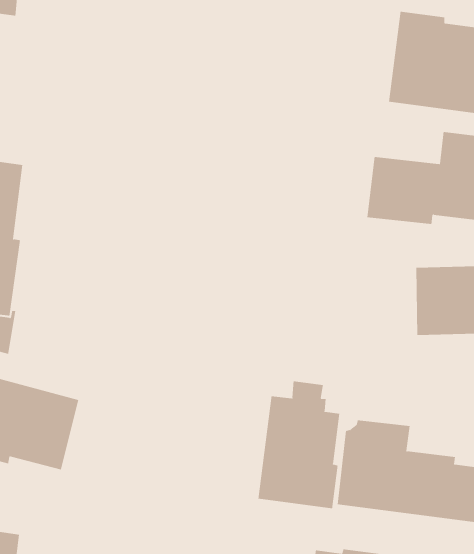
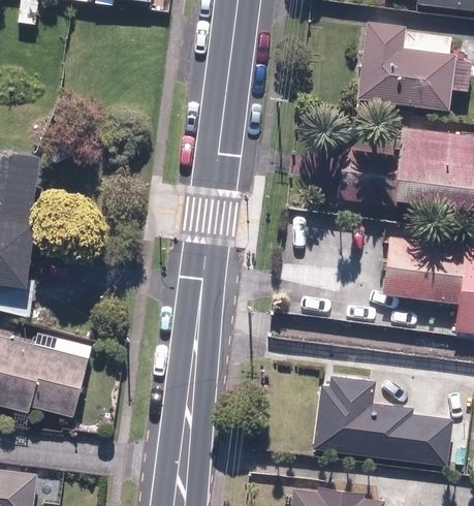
building: [258,380,340,509] -> none

